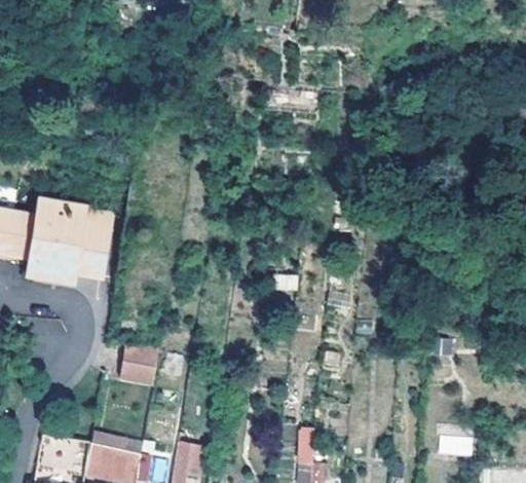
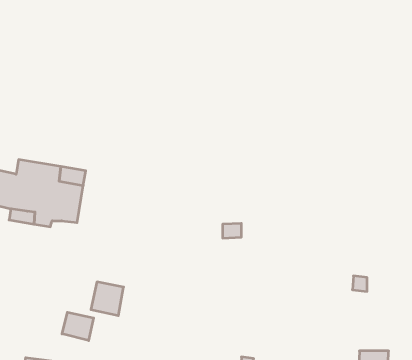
building: none -> [62,312,94,341]

